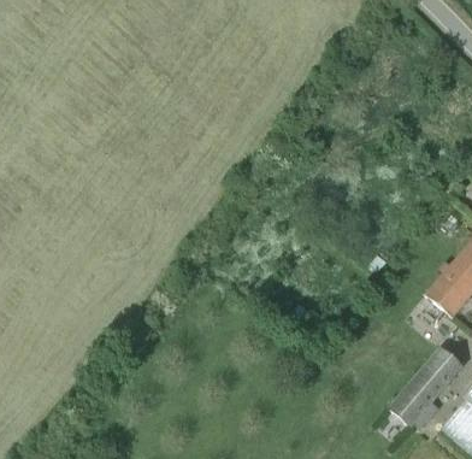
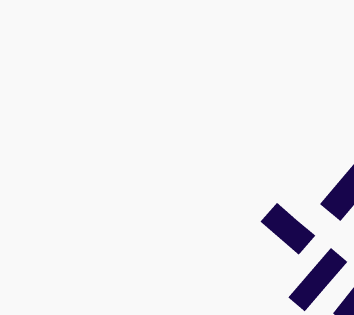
building: none -> [259,202,316,256]

